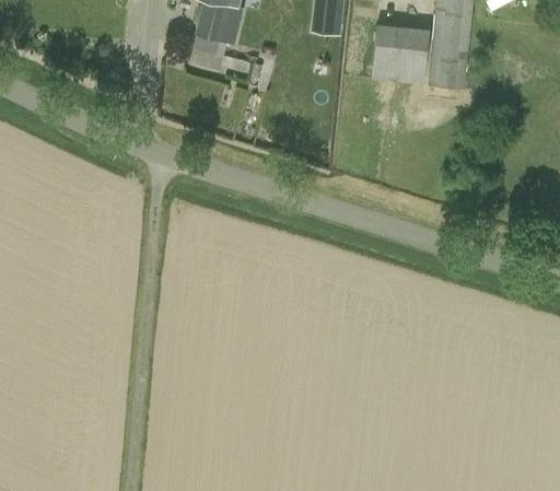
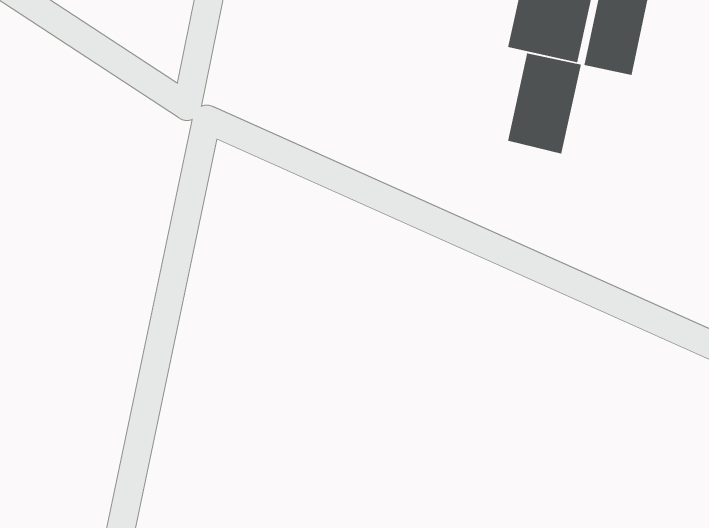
building: none -> [507,53,582,155]

